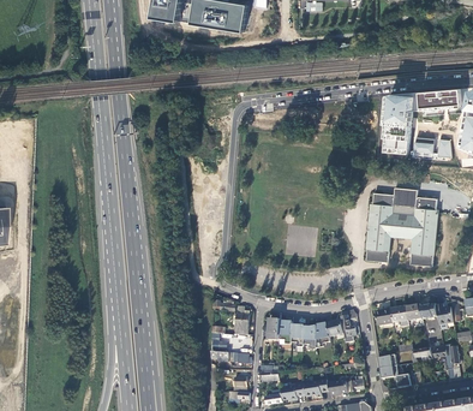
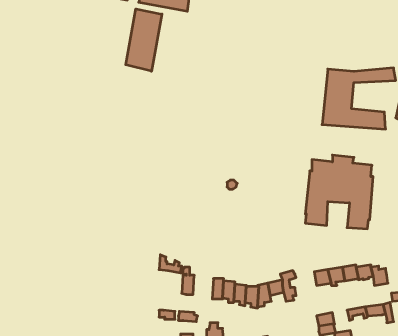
building: none -> [126,9,162,71]

